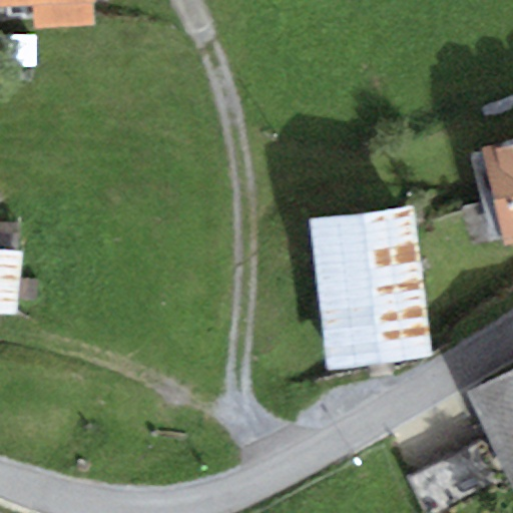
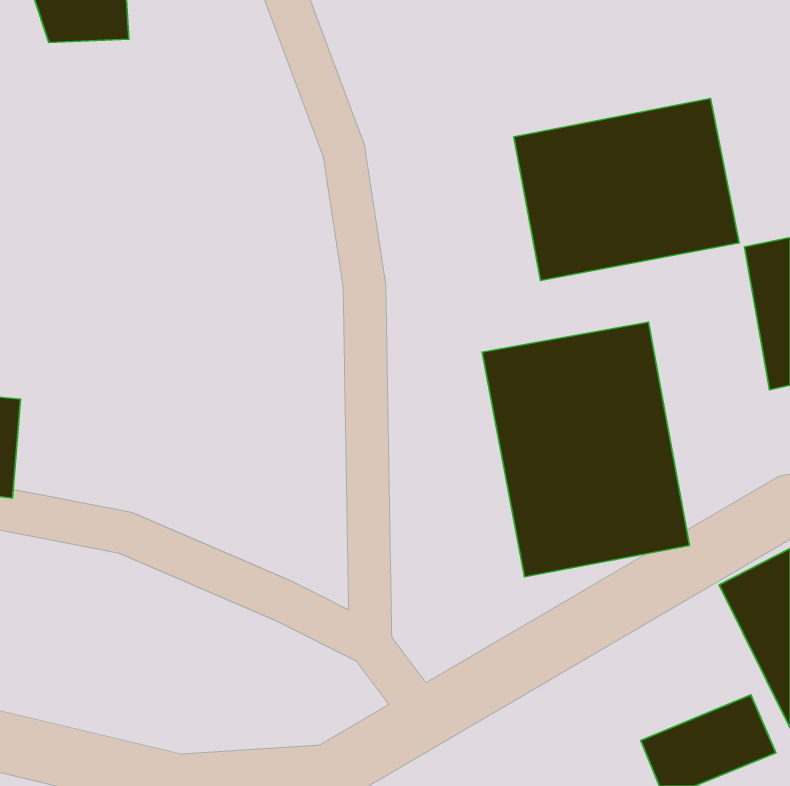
building: none -> [514,99,739,280]

